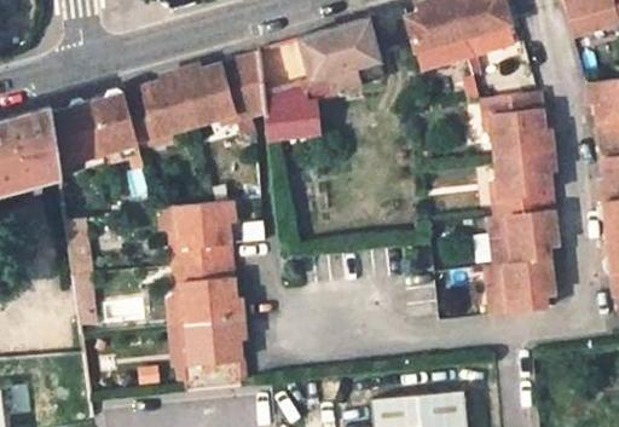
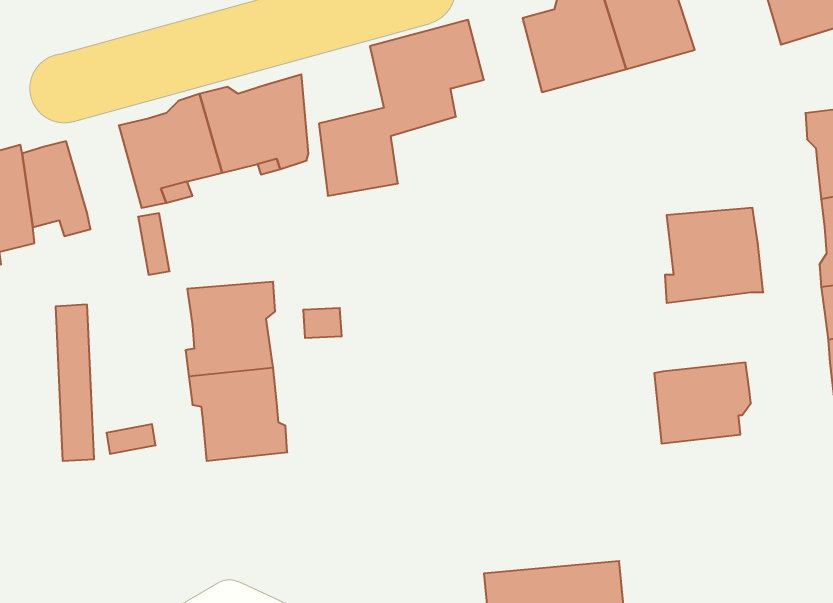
building: [251,39,301,92] -> none
building: [484,91,555,155] -> none
building: [82,93,135,158] -> none
building: [490,208,557,262] -> none
building: [179,318,238,390] -> none

